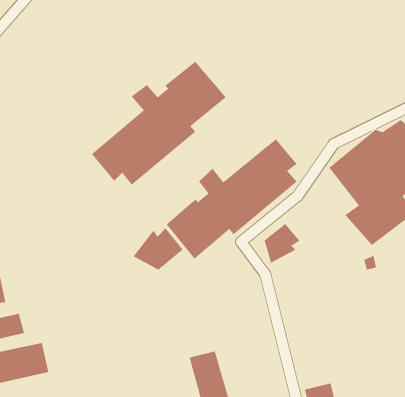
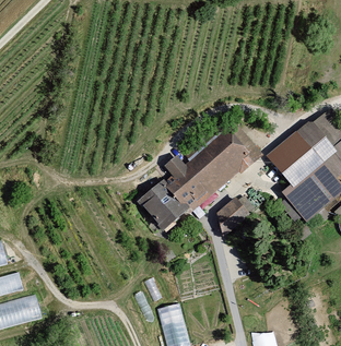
building: [91,61,227,185] -> none
building: [133,228,183,271] -> none

